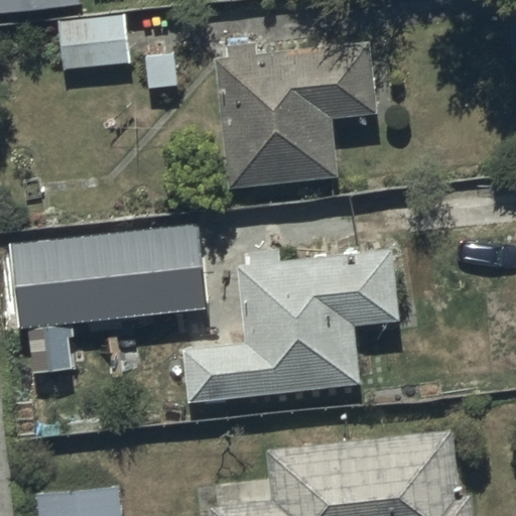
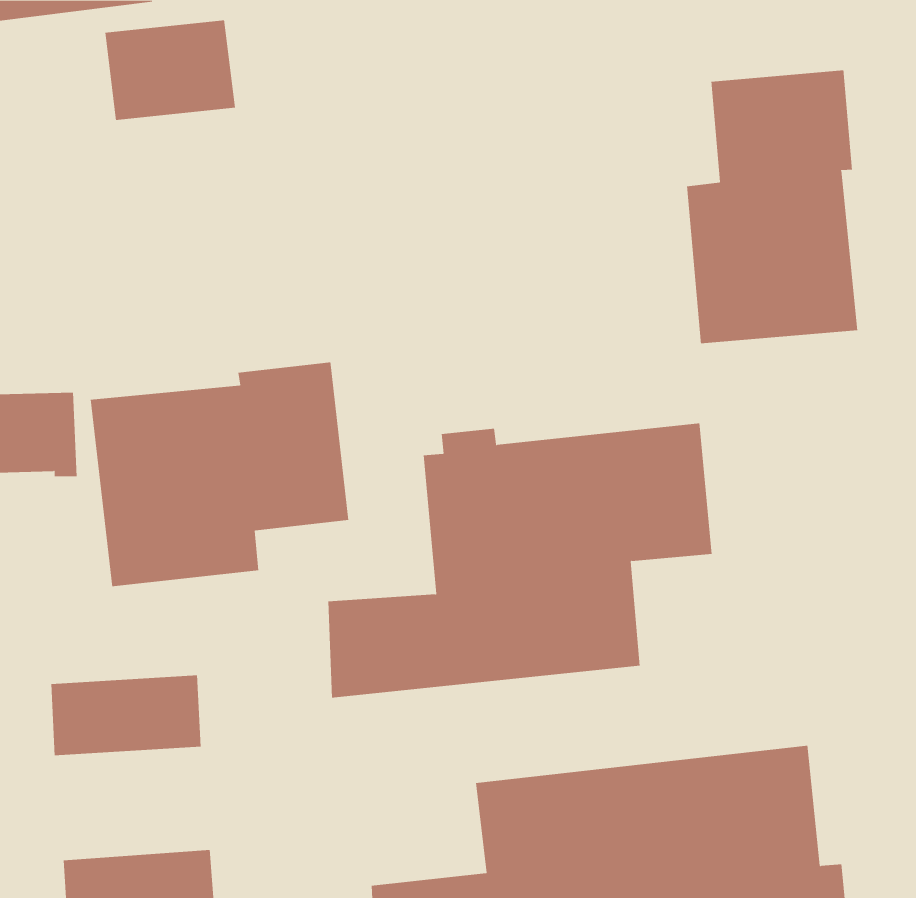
building: [217,45,377,187] -> none
building: none -> [686,70,858,344]

